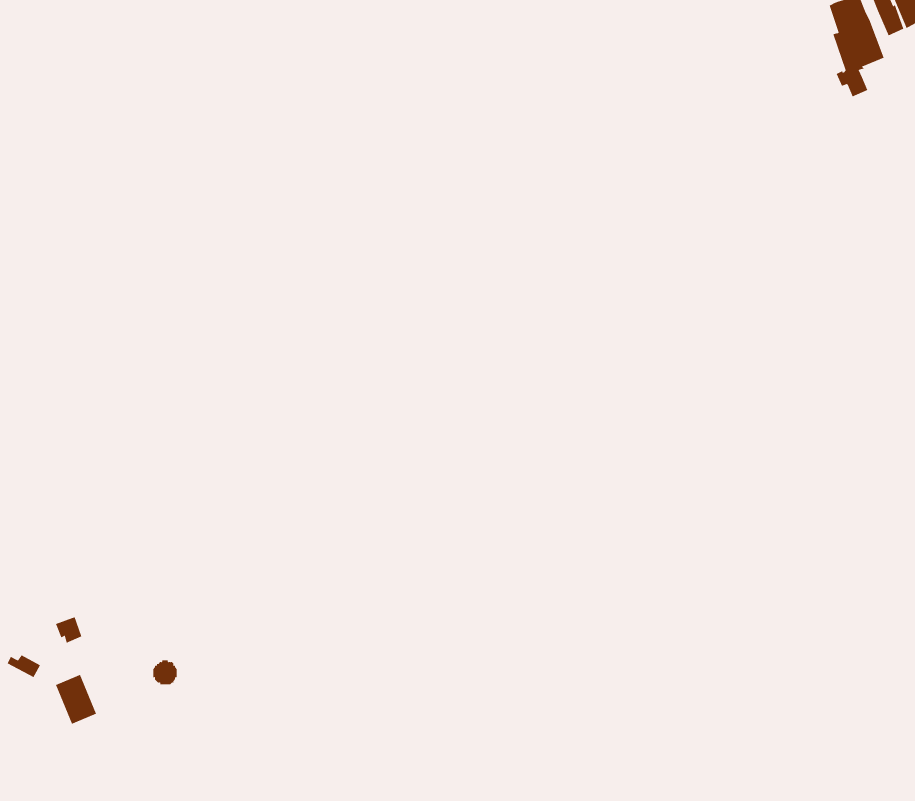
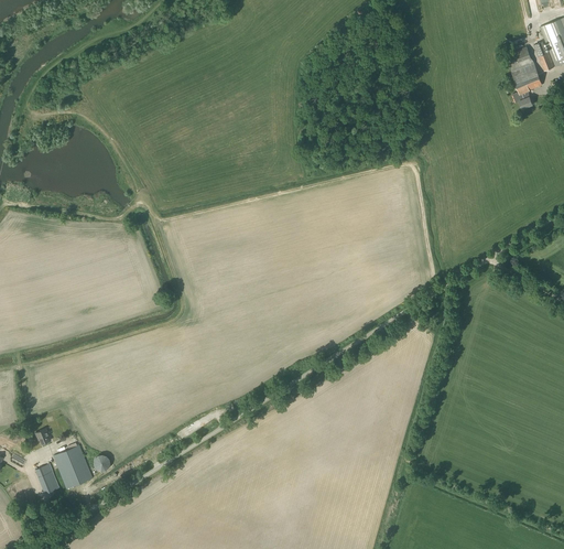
building: none -> [54,444,94,489]

